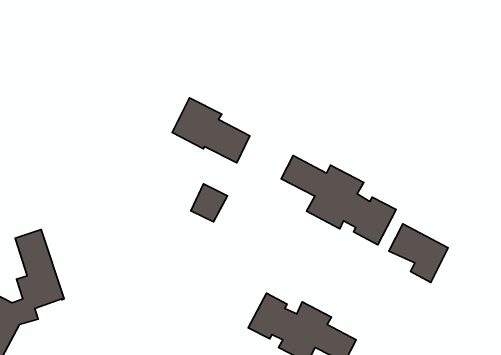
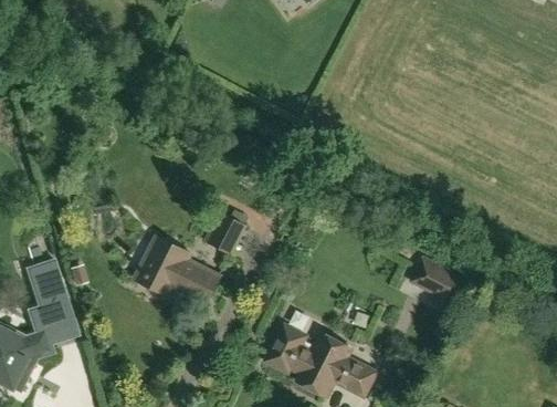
building: [172,98,250,163] -> [139,237,219,303]
building: [281,156,396,245] -> none

